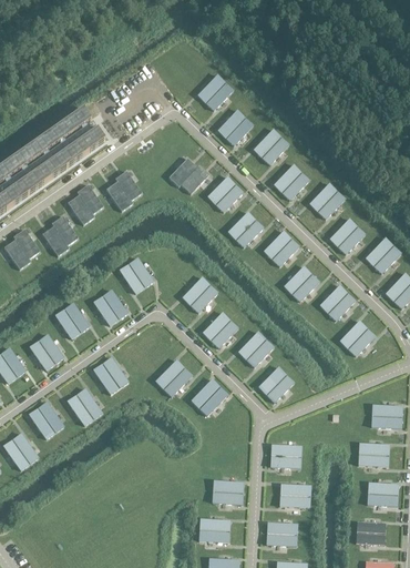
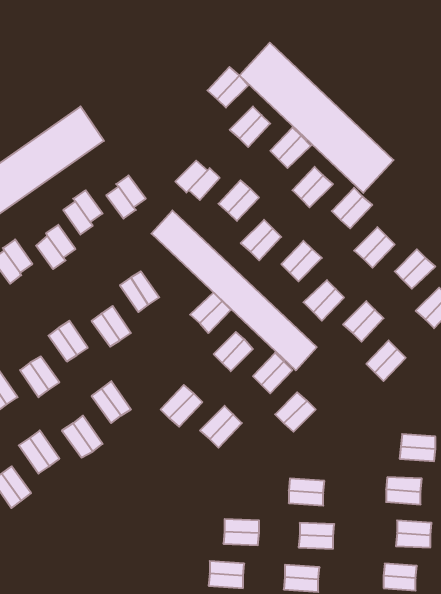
building: none -> [239,43,394,193]
building: none -> [151,210,317,370]

